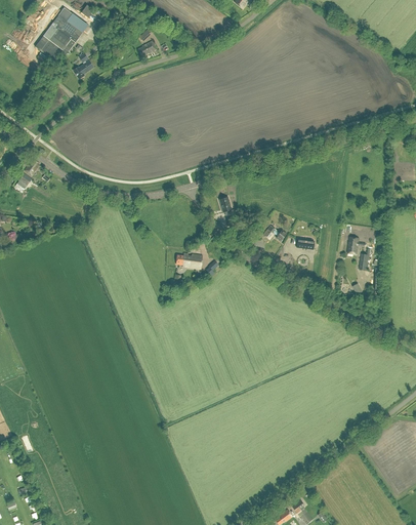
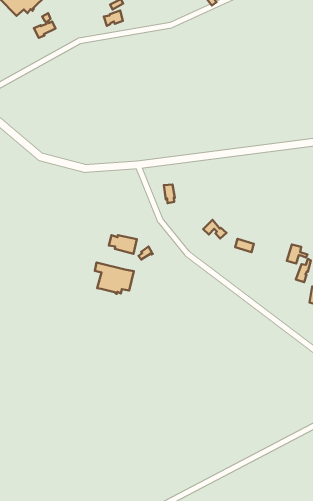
building: none -> [95,263,134,294]

